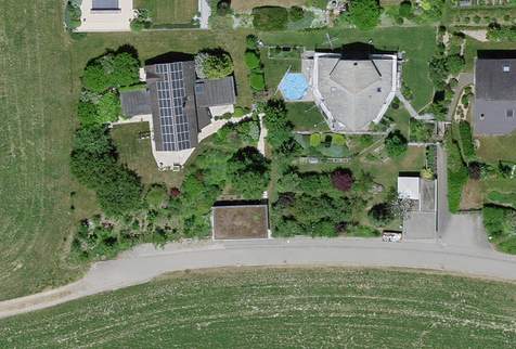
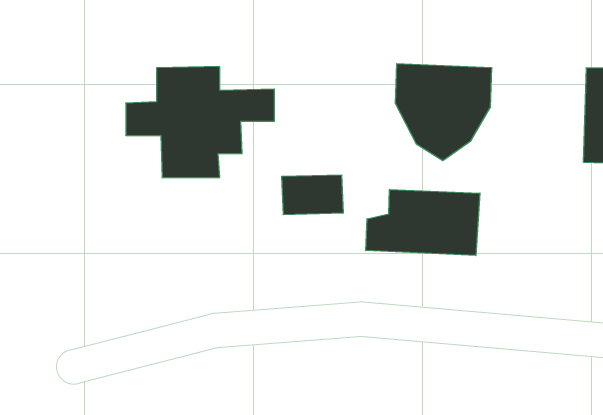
building: none -> [366,189,480,256]
building: [218,206,266,236] -> [282,175,343,214]

